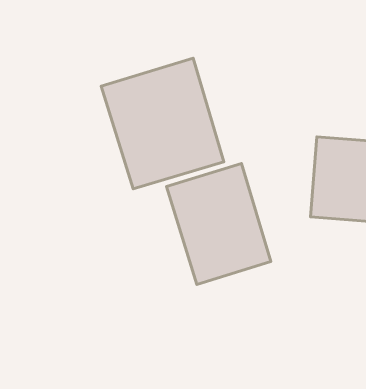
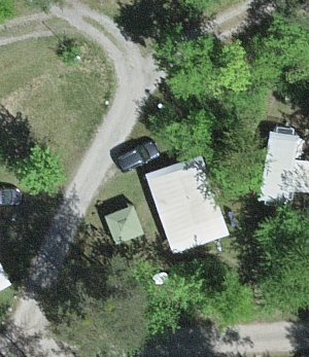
building: [101,58,224,189] -> none

